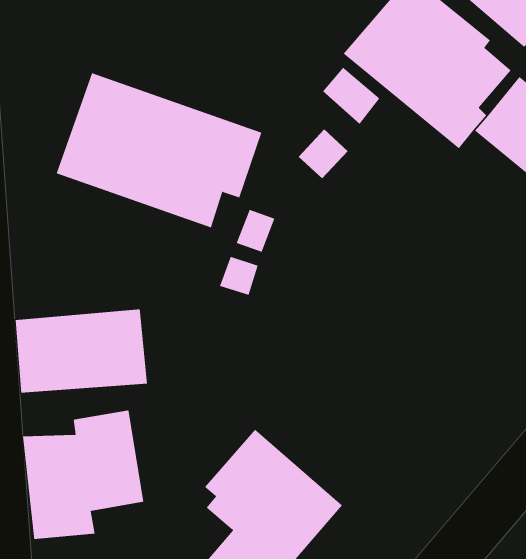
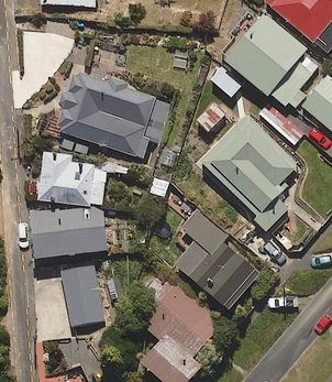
building: none -> [201,116,302,227]
building: none -> [36,151,108,207]
building: none -> [163,210,259,309]

